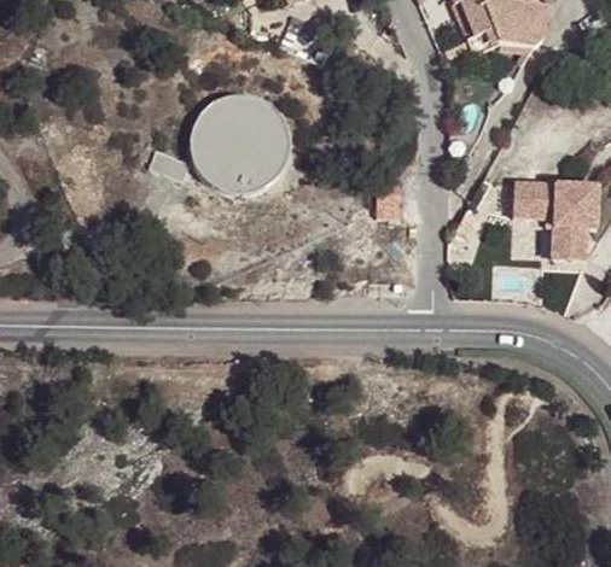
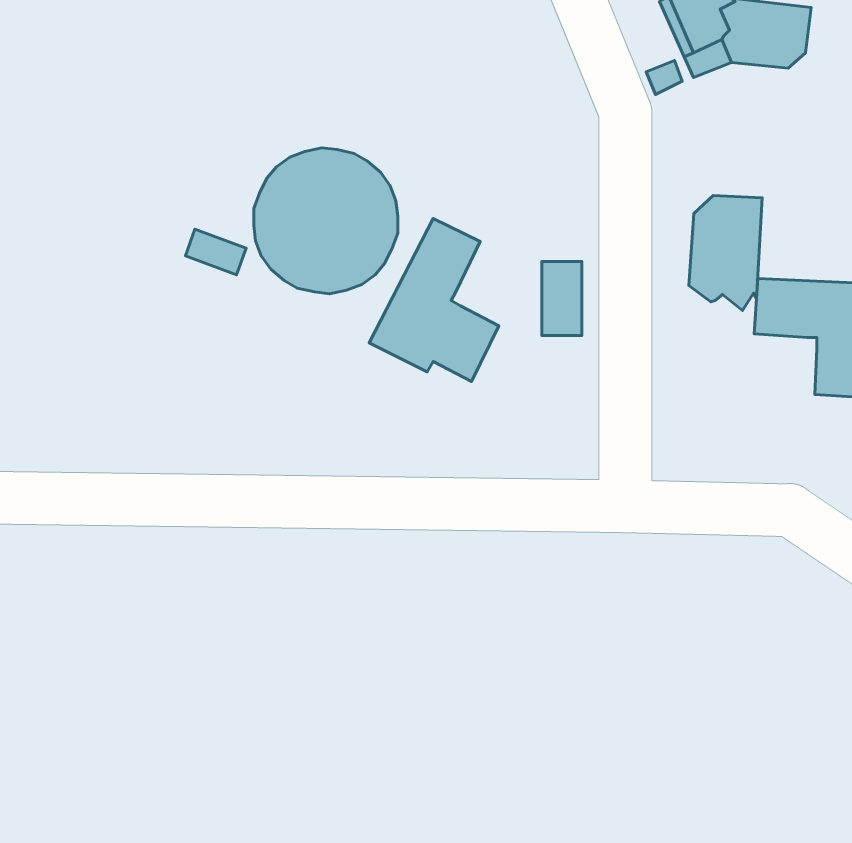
building: none -> [689,196,762,311]
building: none -> [369,219,499,381]

